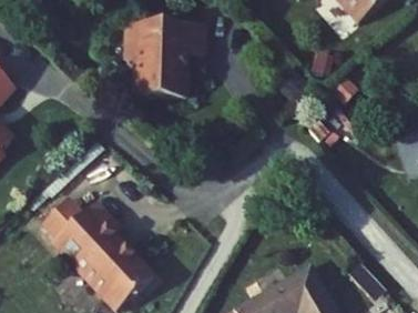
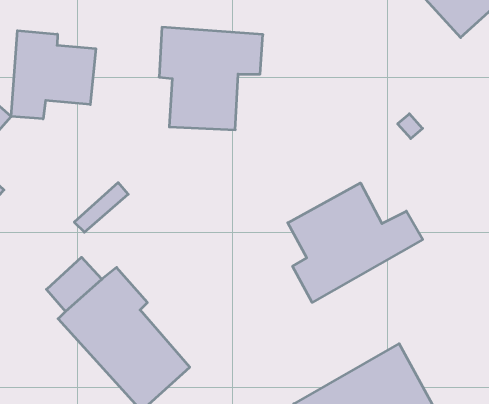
building: none -> [11,31,96,119]
building: none -> [288,183,423,302]

